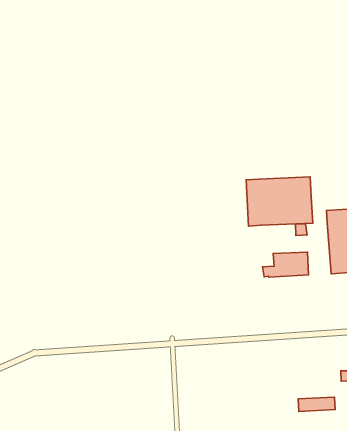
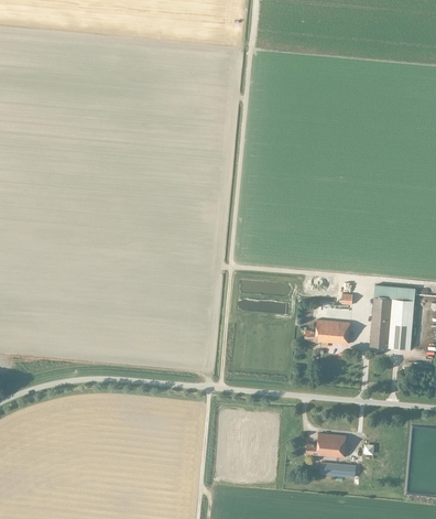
building: [246,177,313,226] -> none
building: none -> [306,434,346,458]

